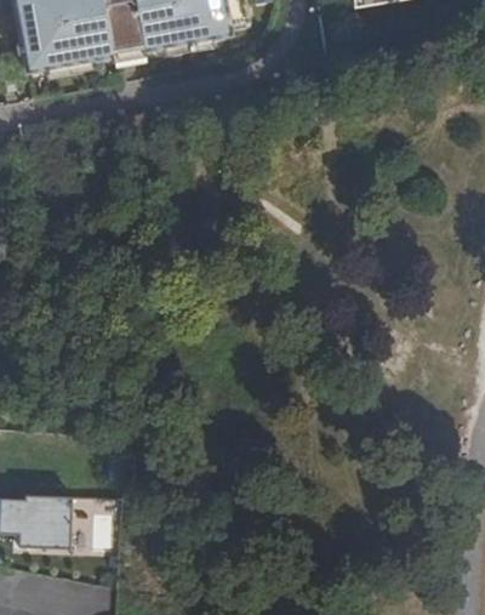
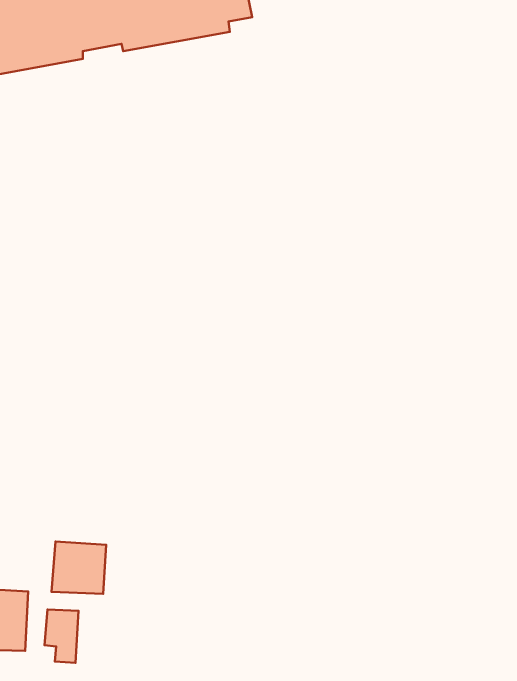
building: none -> [51,541,106,594]

